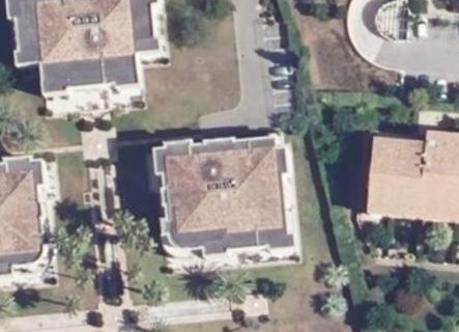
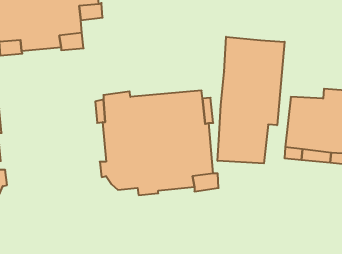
building: none -> [218,37,285,163]

